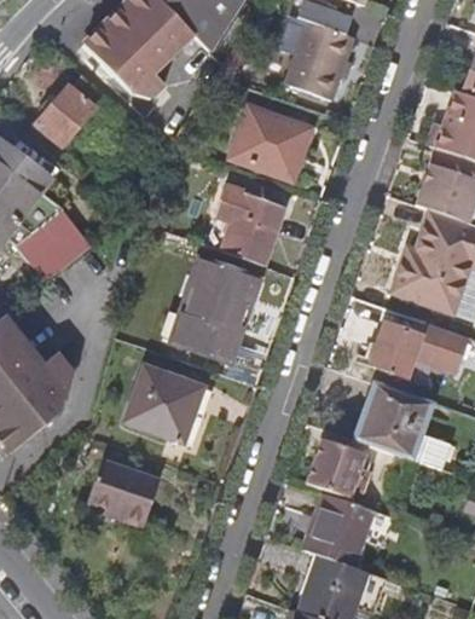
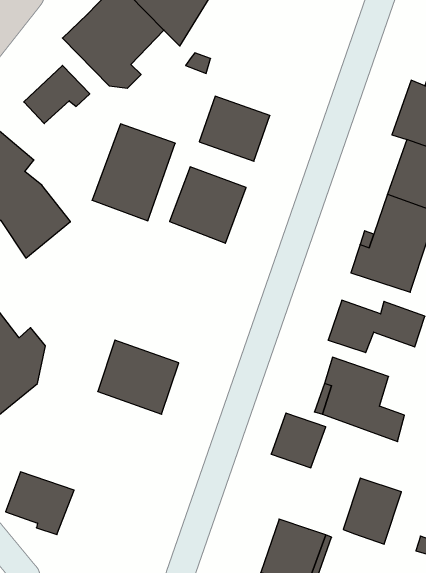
building: [284,19,353,99] -> none
building: [168,258,256,360] -> [92,124,175,221]
building: [86,459,158,526] -> [6,472,74,535]
building: [303,496,365,566] -> [343,478,401,544]

